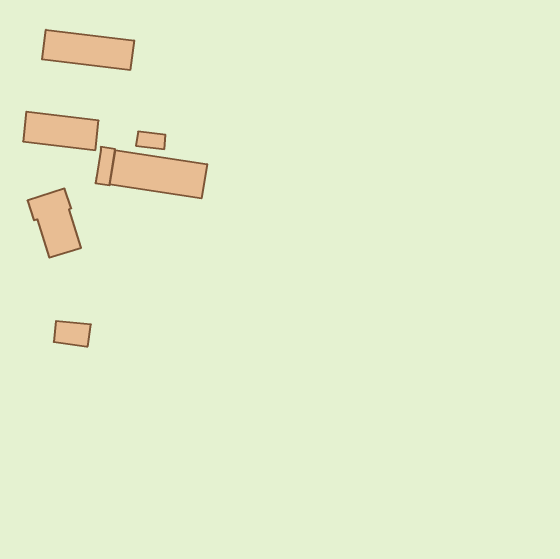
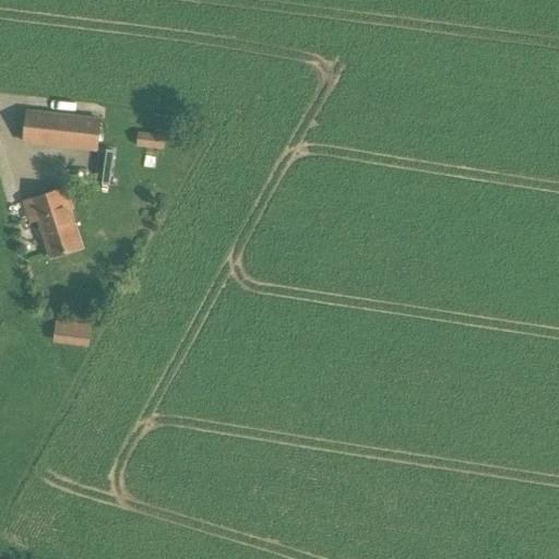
building: [42,30,134,70] -> none
building: [110,150,207,198] -> none

